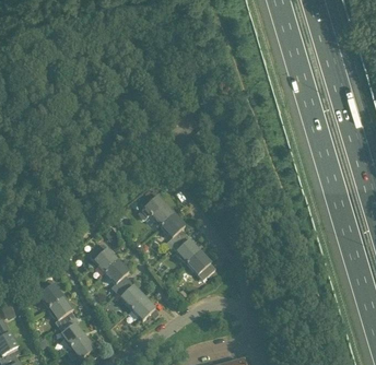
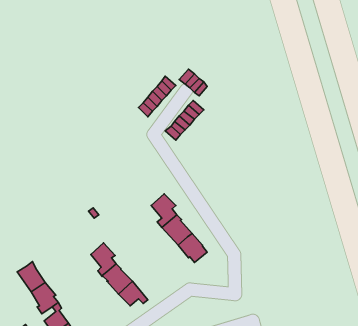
building: [138,189,174,226] -> none
building: [89,244,117,272] -> none

